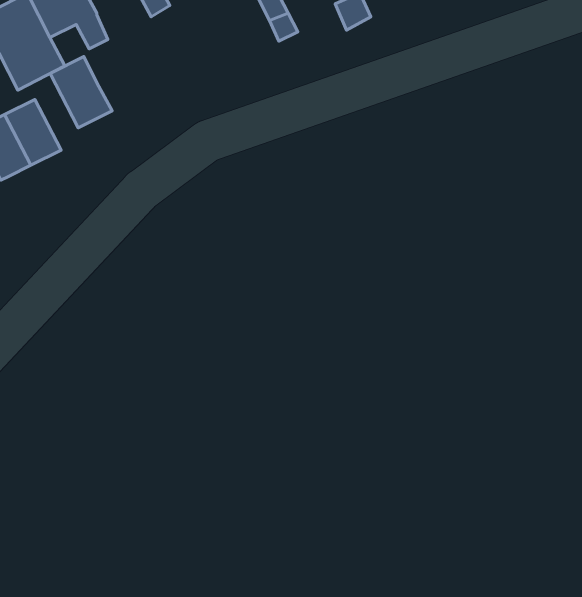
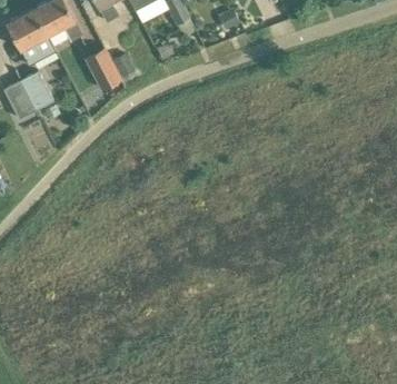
building: [50,56,112,128] -> [85,48,121,90]

